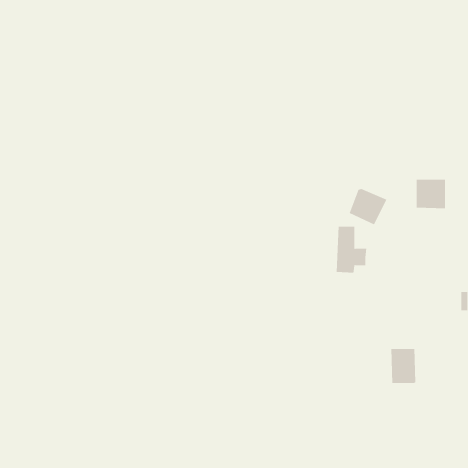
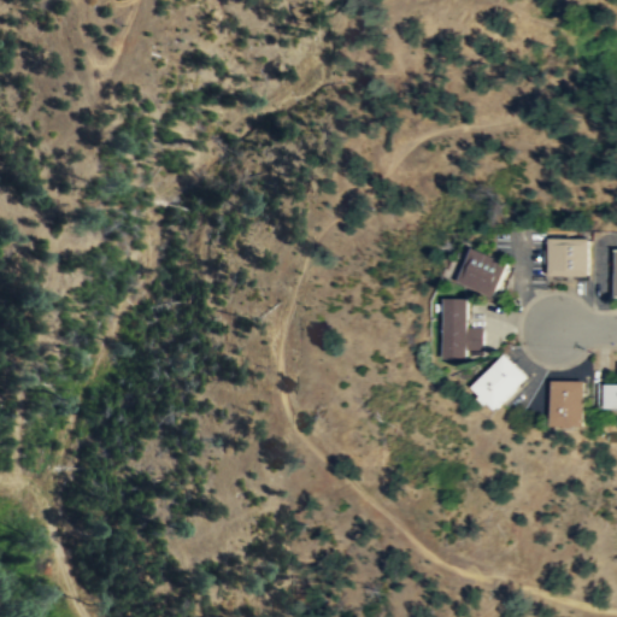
building: none -> [471,355,525,410]
building: [390,348,416,383] -> [550,382,583,428]

